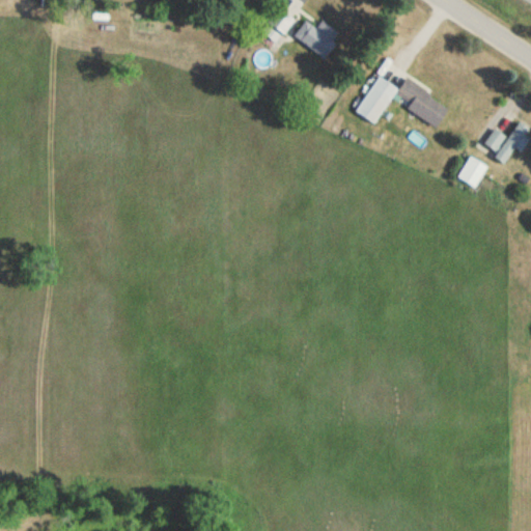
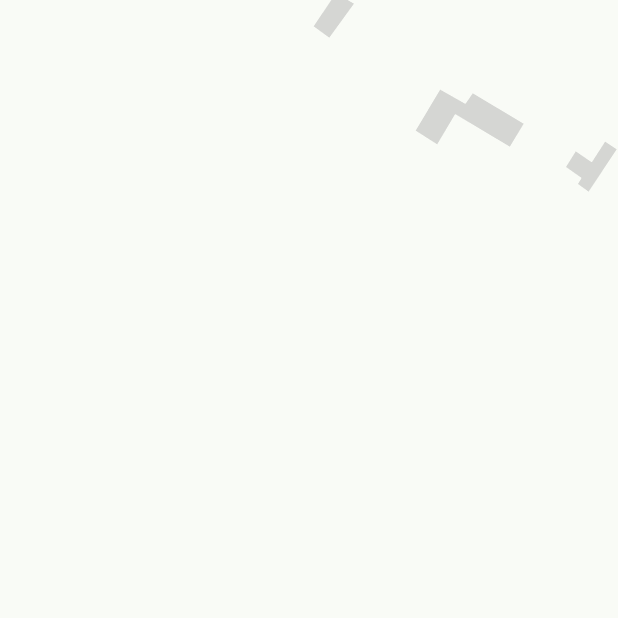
building: [294,21,342,59] -> none
building: [457,156,487,187] -> none

